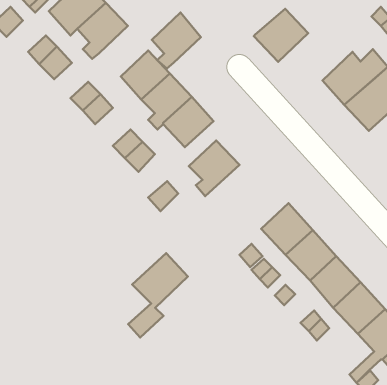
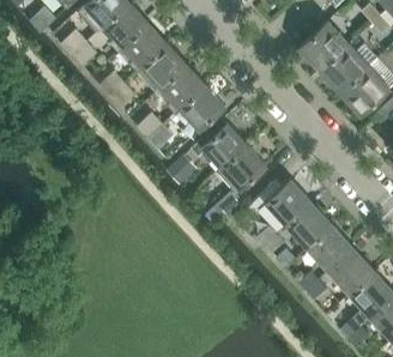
building: [254,9,308,62] -> [298,25,346,72]
building: [152,13,201,68] -> [123,24,167,73]
building: [128,253,188,338] -> [213,146,266,220]

